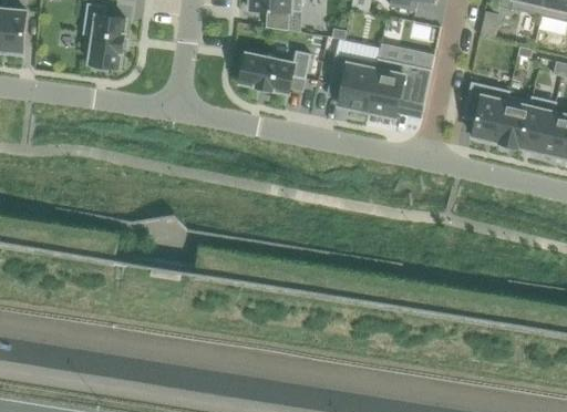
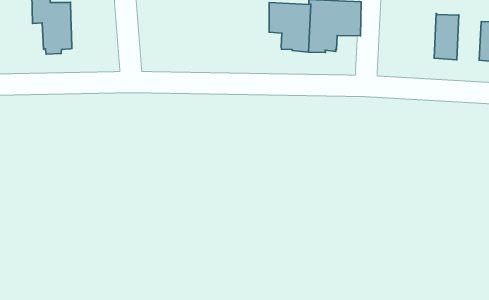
building: [238,51,311,93] -> none
building: [463,82,509,143] -> none
building: [520,95,556,152] -> none

